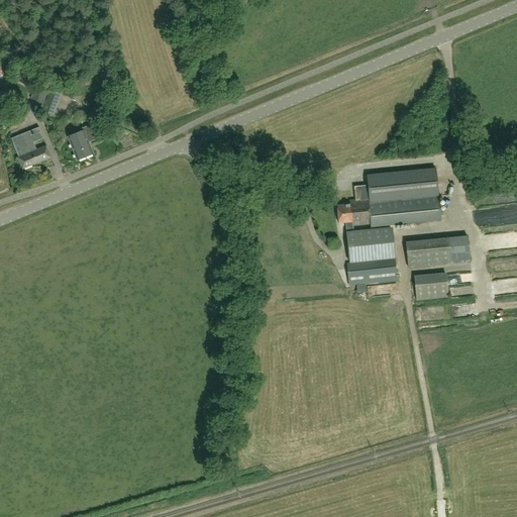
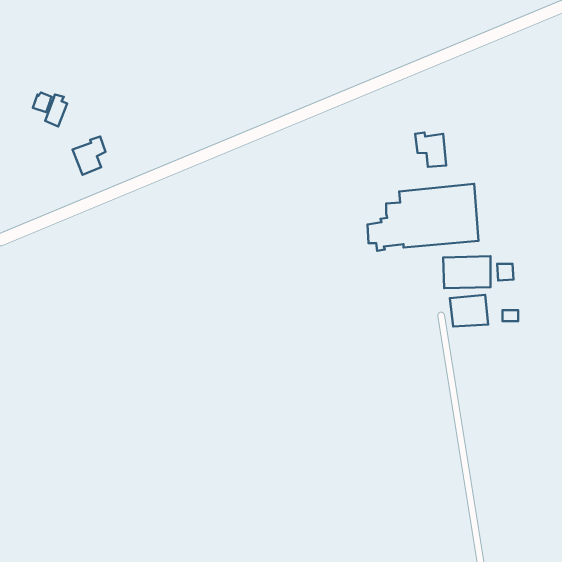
building: none -> [415,132,446,167]
building: [11,128,50,169] -> none
building: [345,227,397,284] -> none

